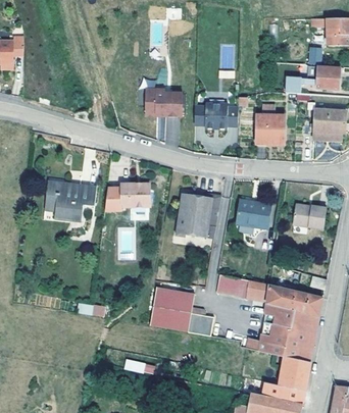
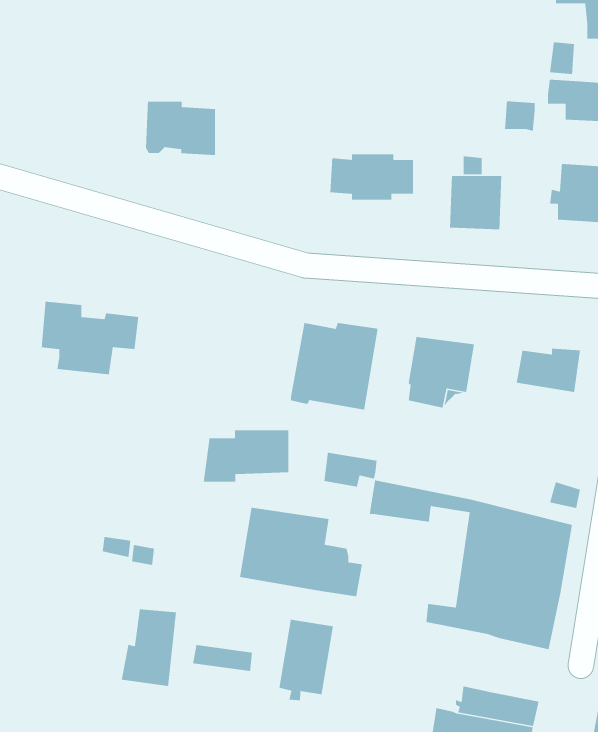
building: [146,89,183,117] -> [145,101,216,156]
building: [104,183,149,210] -> [203,430,289,483]
building: none -> [324,452,377,488]
building: none -> [121,608,177,687]
building: none -> [279,619,334,701]
building: [279,356,309,389] -> none

